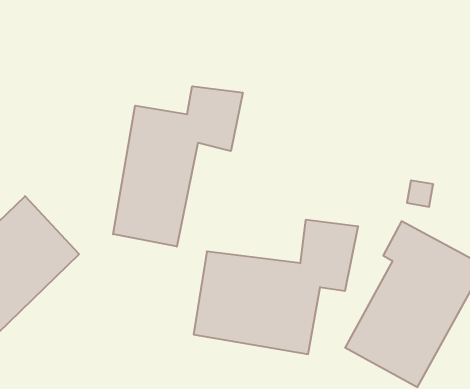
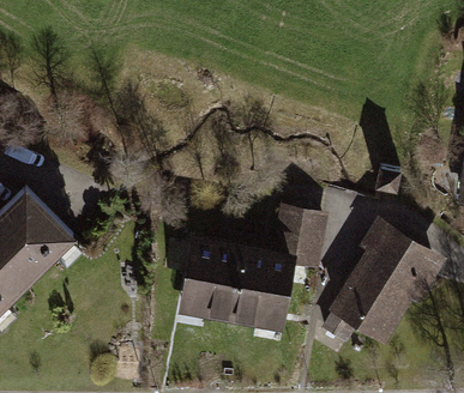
building: [113,86,243,247] -> none

